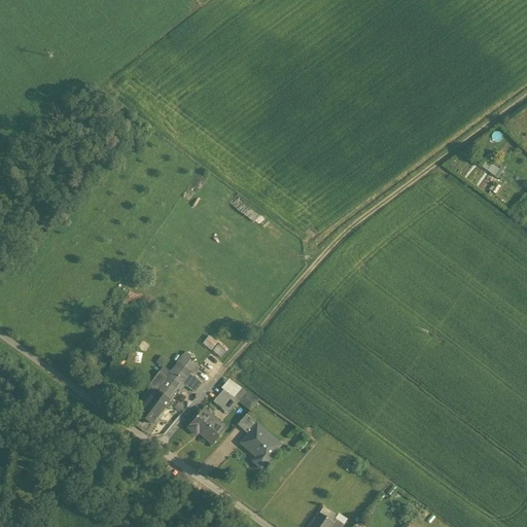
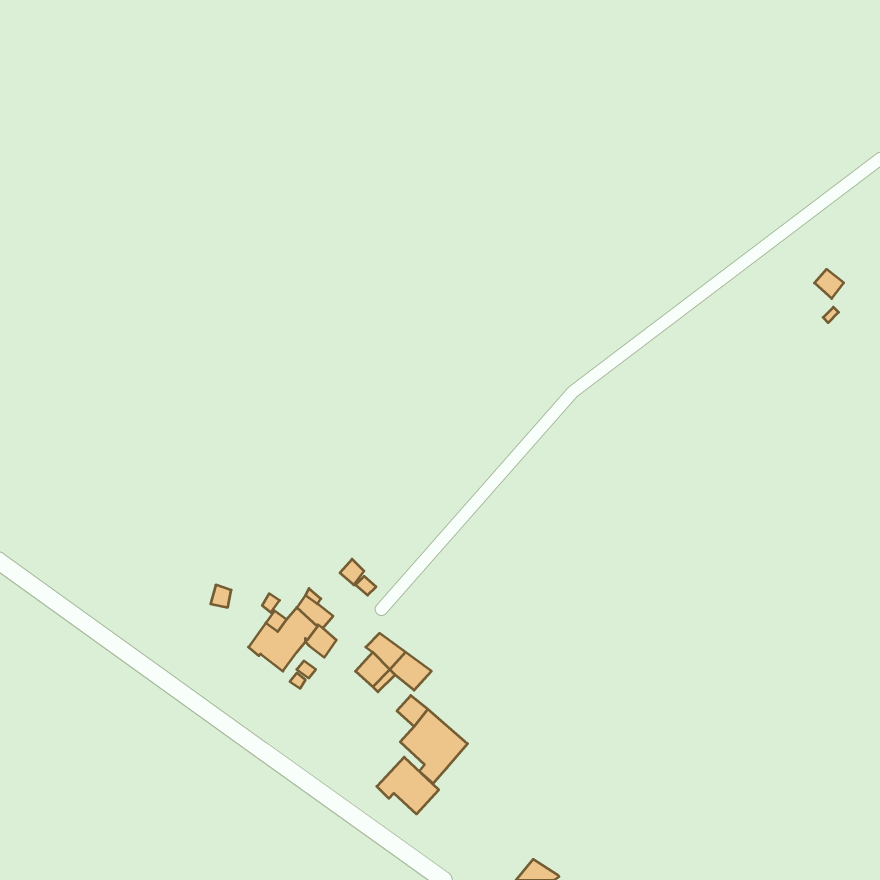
building: [138,390,169,423] -> none
building: [186,409,223,443] -> [377,757,439,814]

